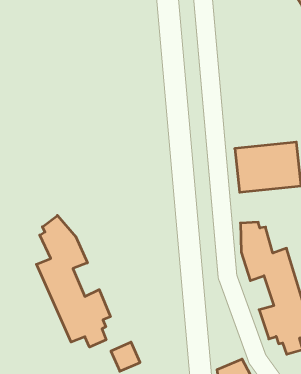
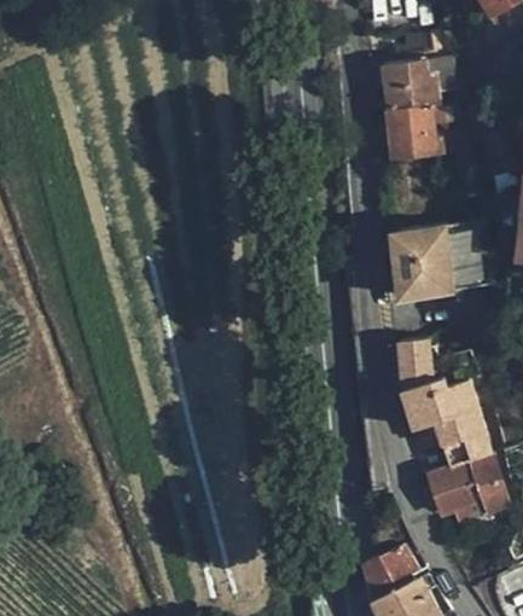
building: none -> [379,62,457,161]
building: [36,215,110,347] -> none

